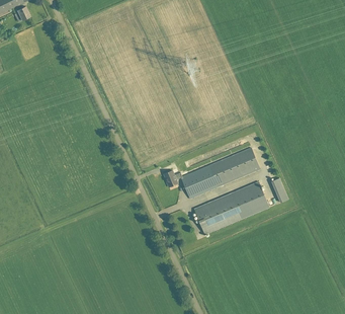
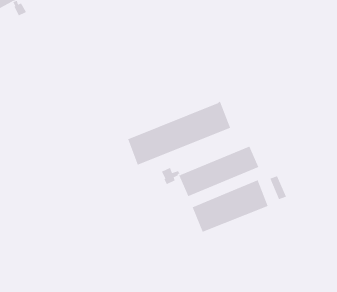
building: none -> [127,101,231,165]

